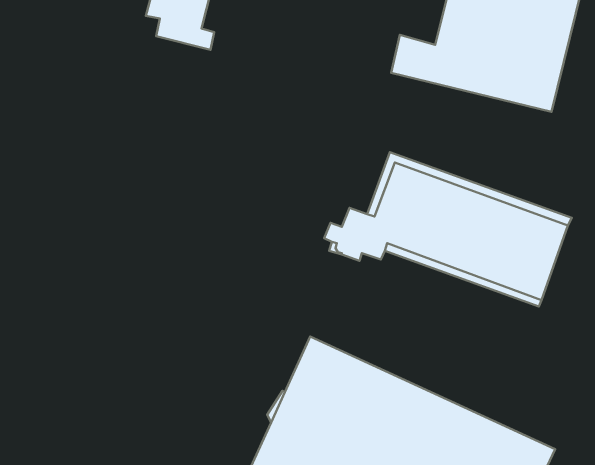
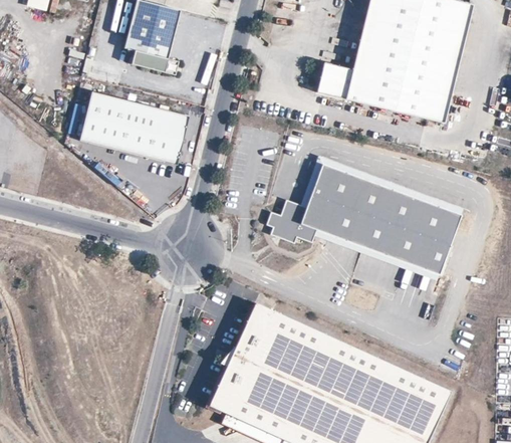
building: none -> [78,90,189,166]

